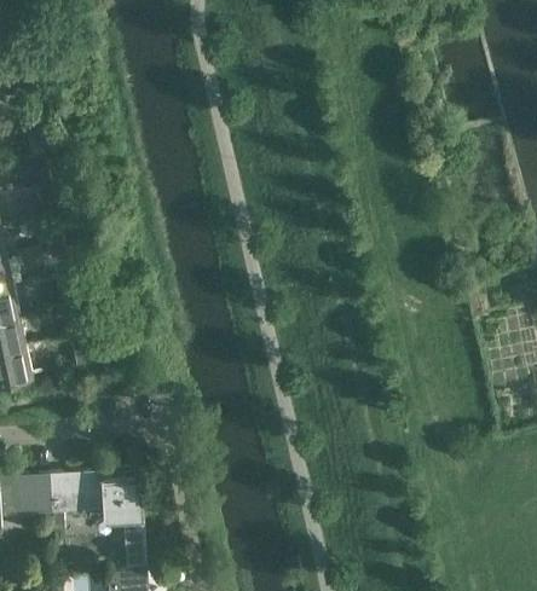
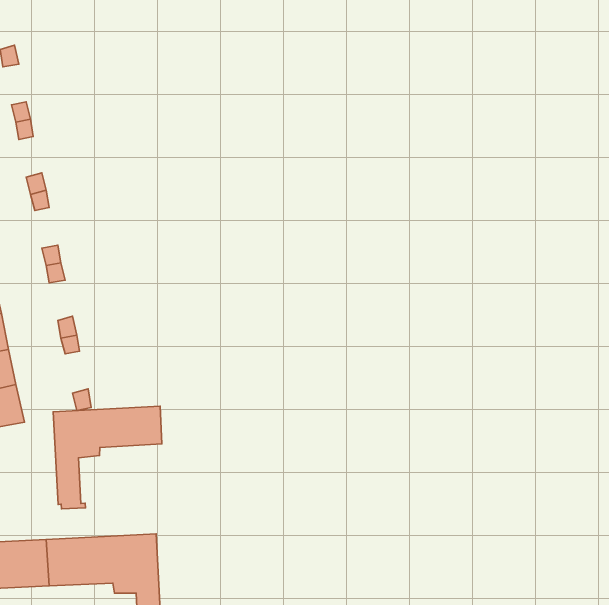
building: none -> [53,406,162,509]

